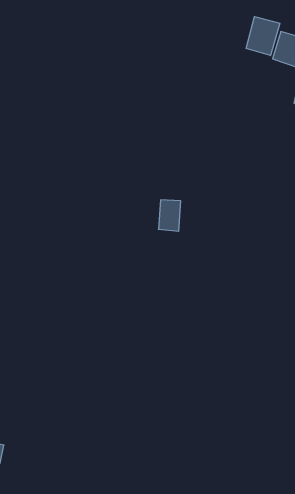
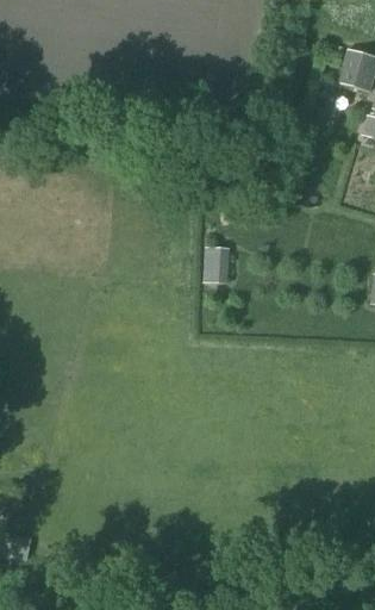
building: [246,17,280,56] -> none

